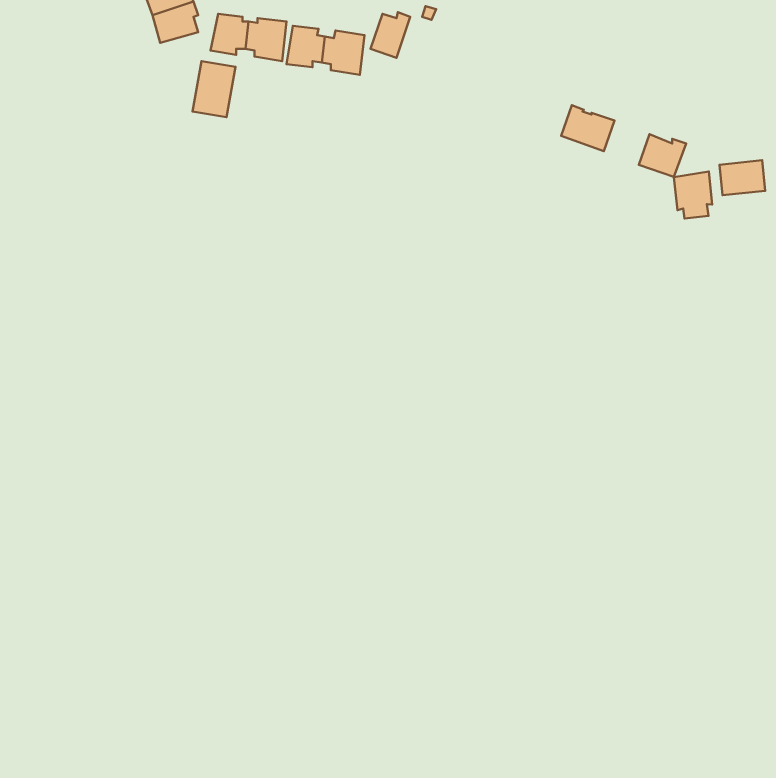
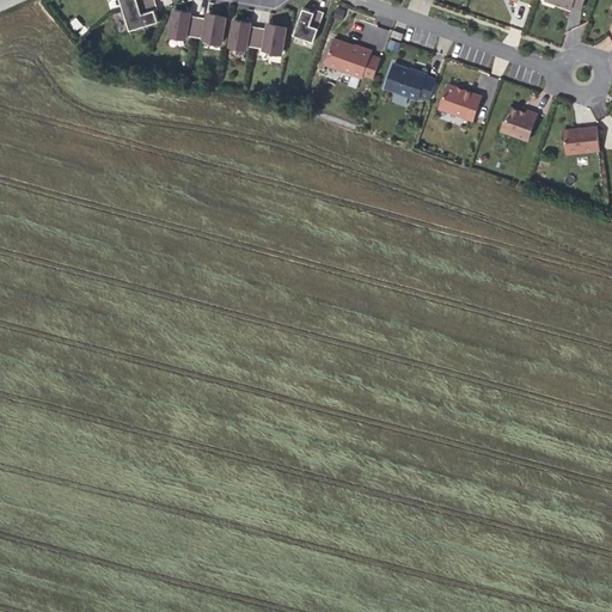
building: none -> [323,36,379,75]
building: [193,61,235,117] -> none
building: none -> [384,61,435,98]
building: [674,171,712,218] -> none

